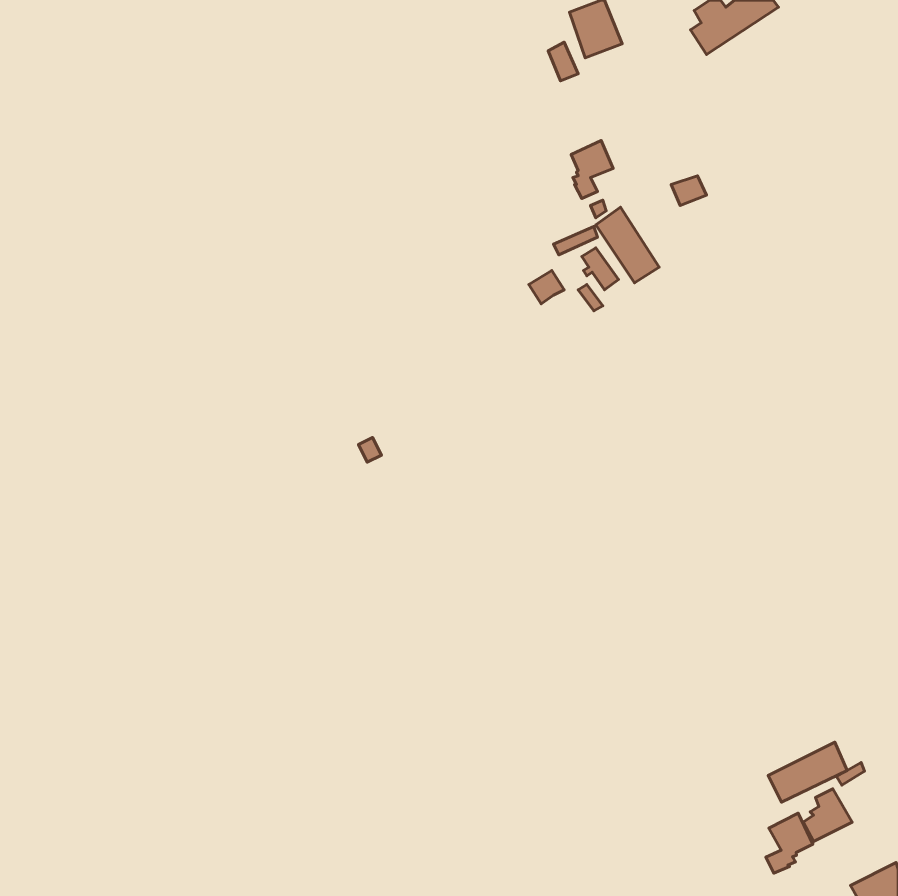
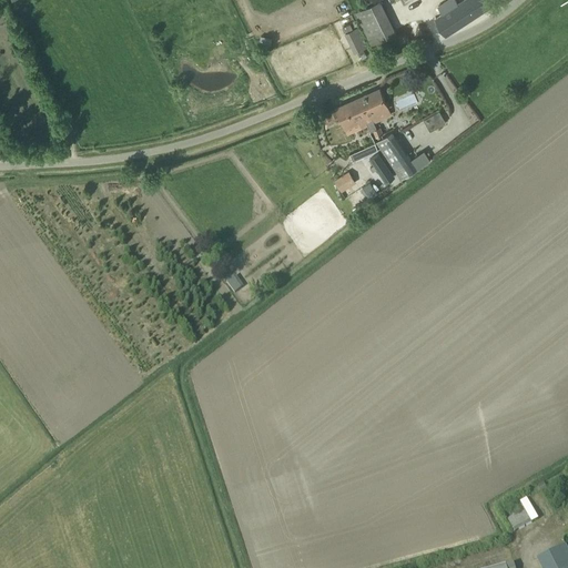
building: none -> [336,99,367,131]
building: [768,742,847,802] -> none
building: [766,813,813,873] -> none

